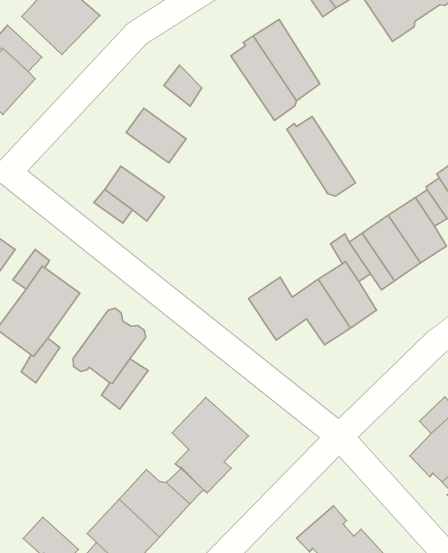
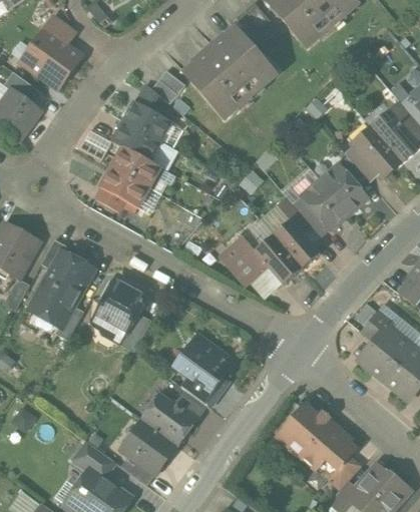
building: none -> [151,70,184,104]
building: none -> [124,101,170,140]
building: [287,117,356,196] -> [219,29,276,87]
building: none -> [112,147,159,186]

